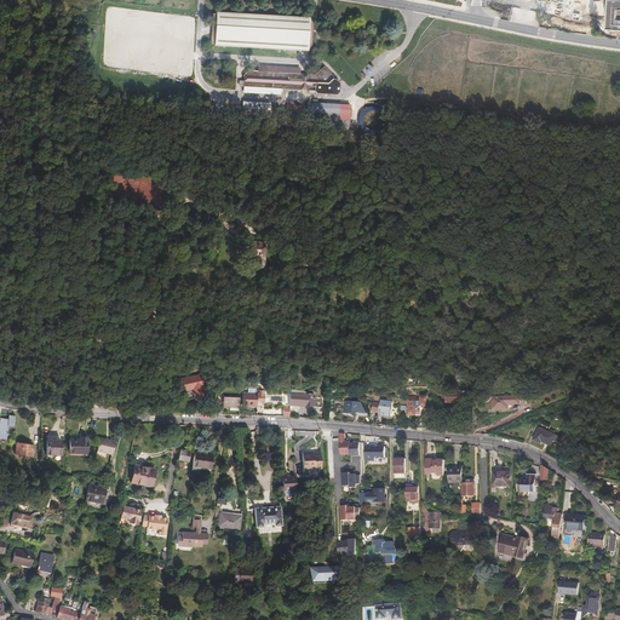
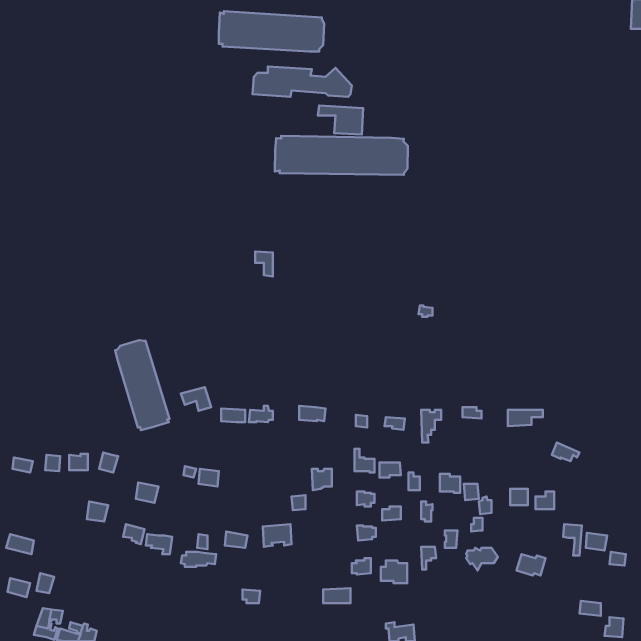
building: none -> [275,136,408,175]
building: none -> [115,340,169,430]

